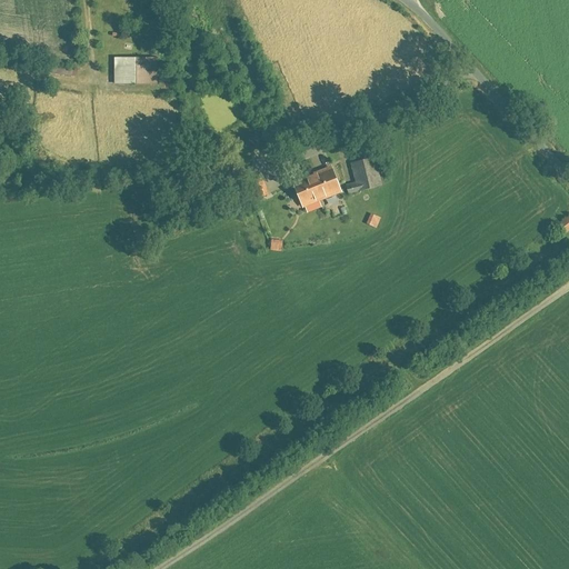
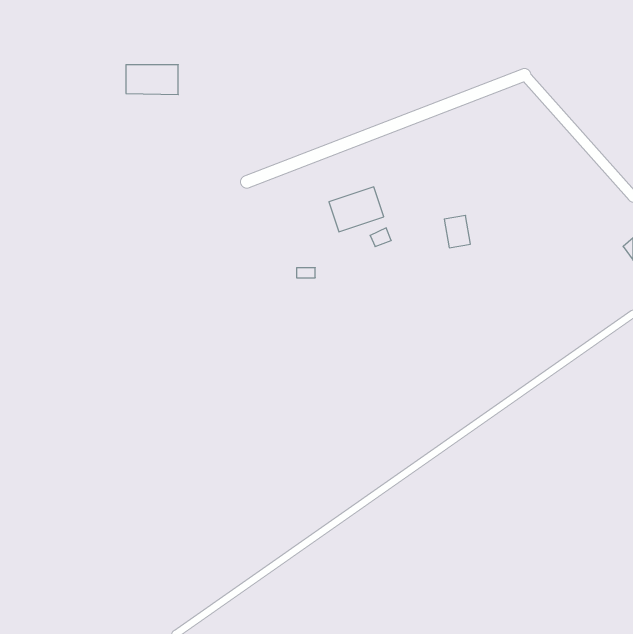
building: [349,159,372,188] -> [444,215,470,248]

